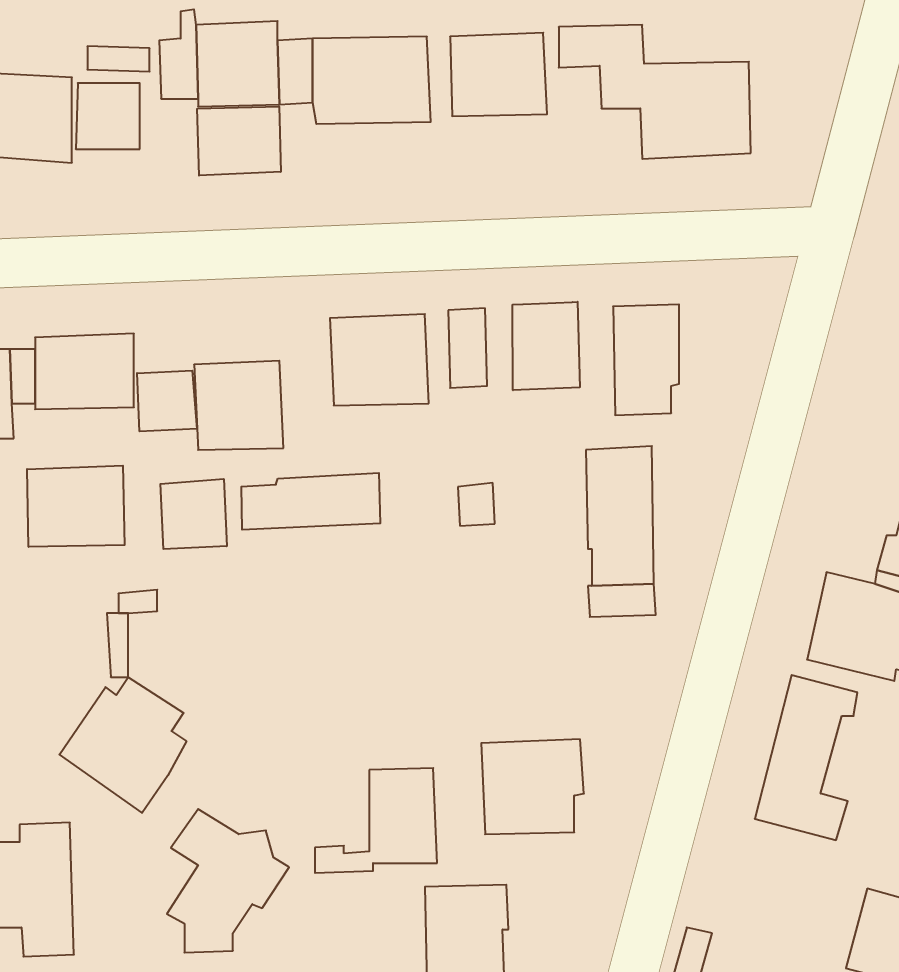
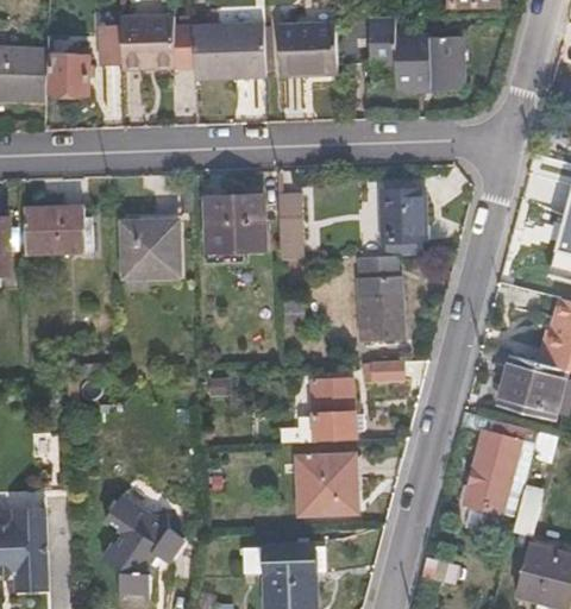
building: [197,106,281,176] -> none
building: [513,302,580,390] -> none
building: [137,371,197,431] -> none
building: [27,466,125,547] -> none
building: [241,473,380,530] -> none
building: [160,479,227,549] -> none
building: [59,677,186,813] -> none
building: [315,768,437,873] -> [281,378,356,442]

